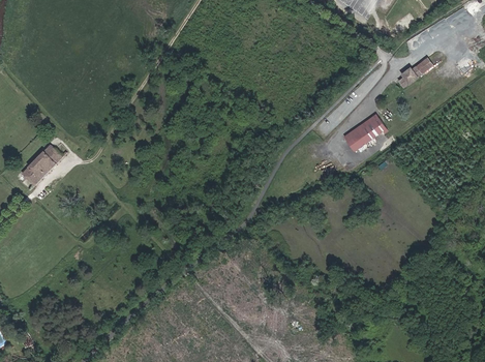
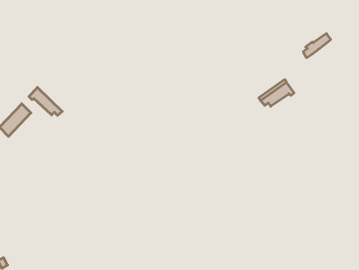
building: none -> [29,87,62,115]

